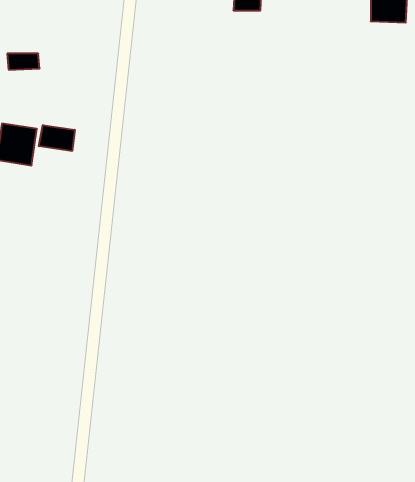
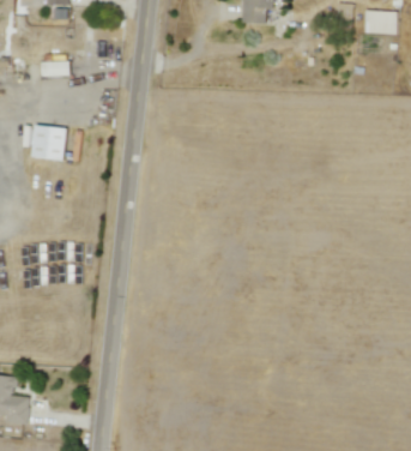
building: [39,125,75,151] -> none

